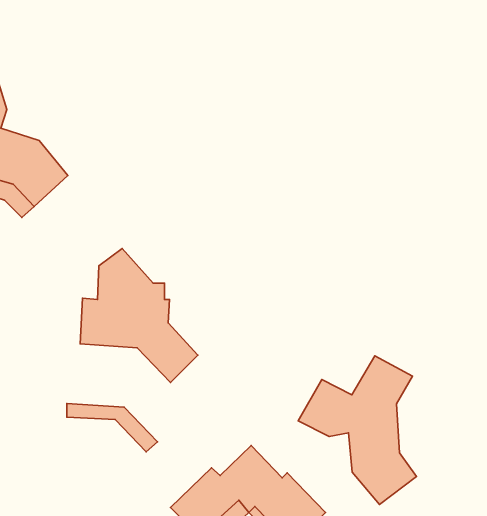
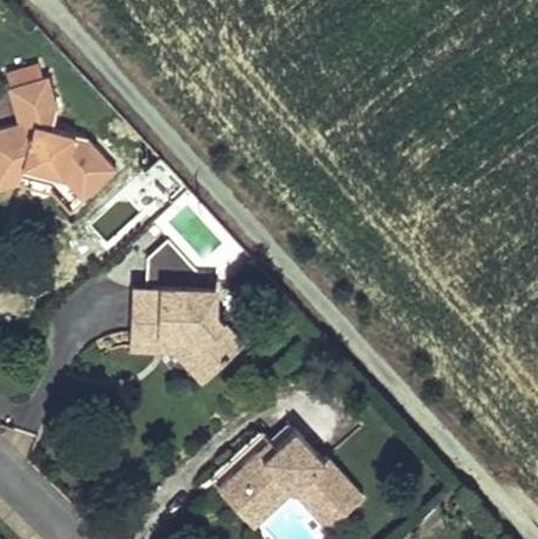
building: [298,356,416,505] -> none
building: [67,403,157,452] -> [128,334,215,380]

